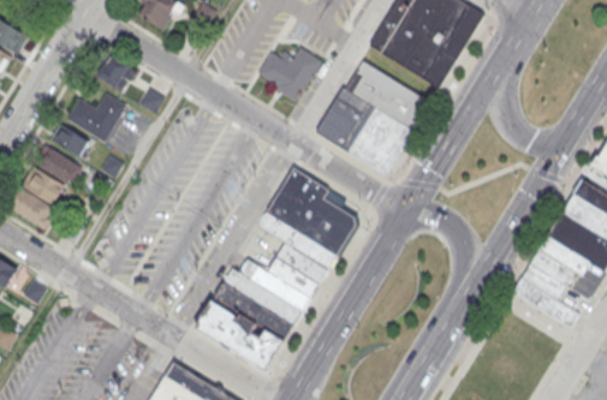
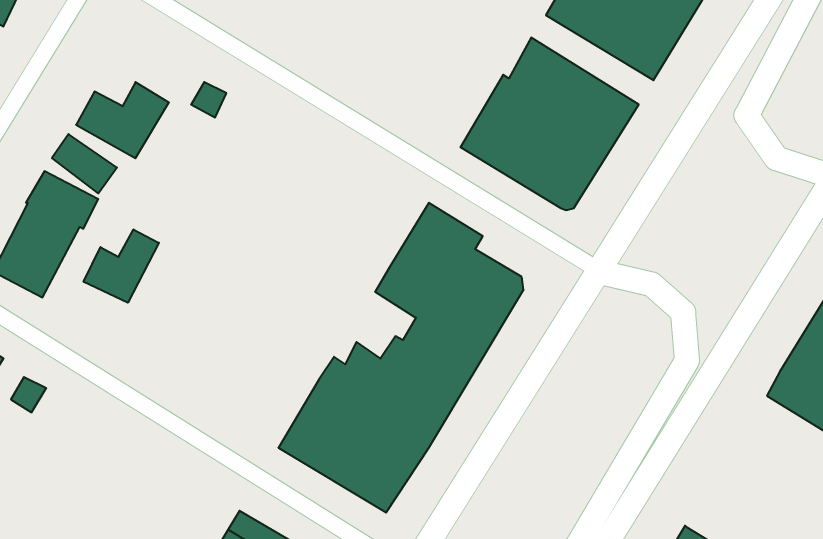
building: [257,43,321,98] -> none
building: [95,54,135,92] -> none
building: none -> [84,229,159,303]

